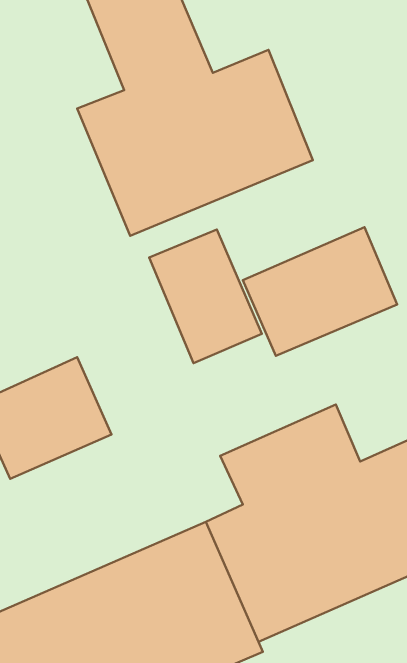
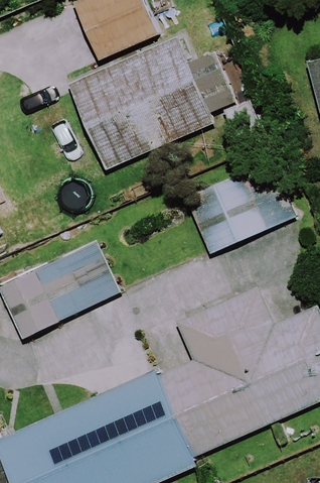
building: [149,229,262,363] -> none

